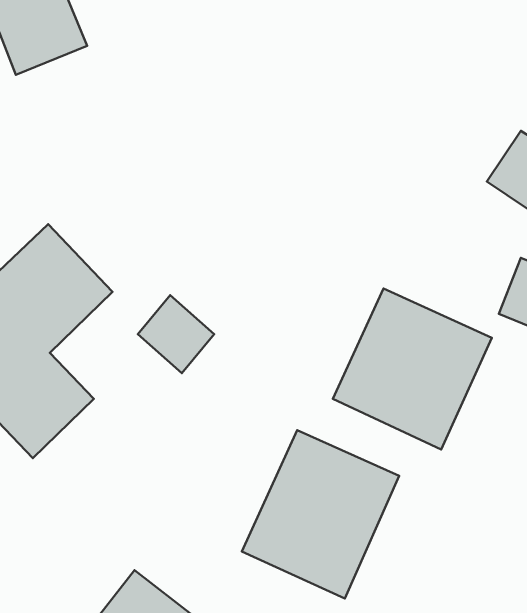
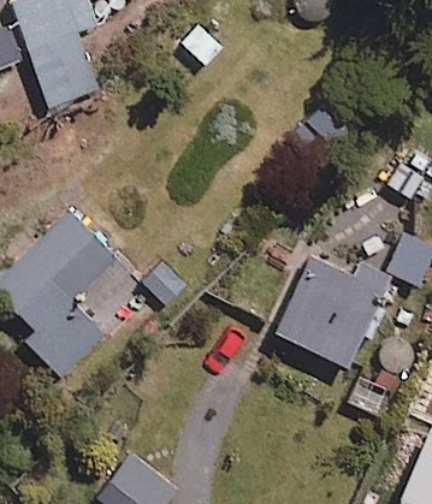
building: [242,430,399,598] -> none

